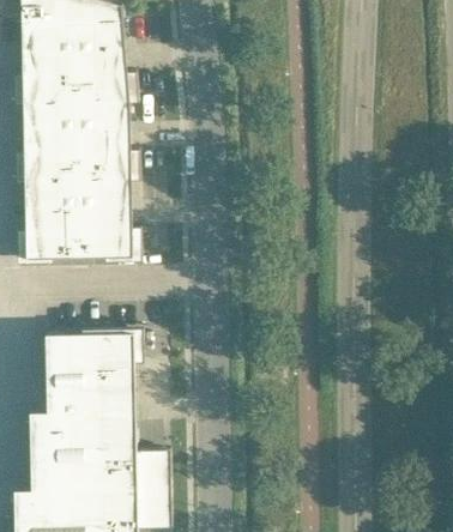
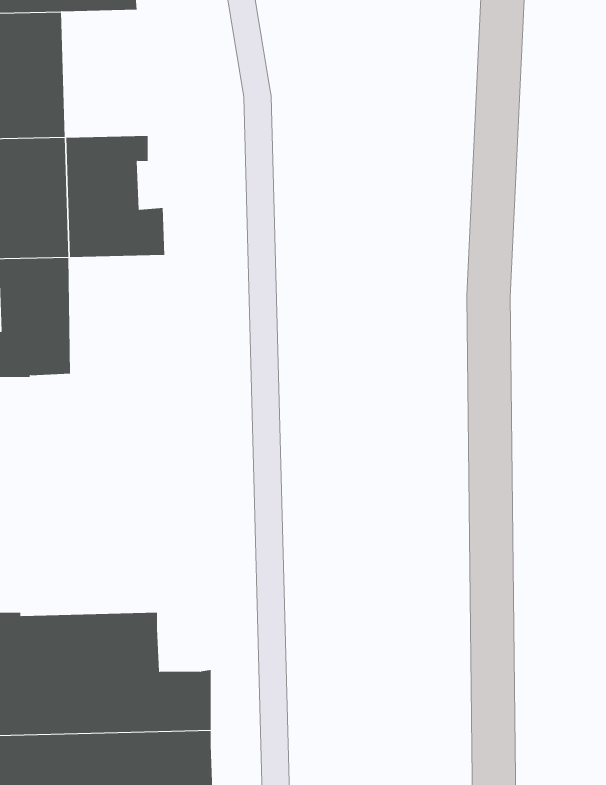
building: [71,22,135,104] -> none
building: [75,181,139,259] -> none
building: [43,334,139,415] -> none

